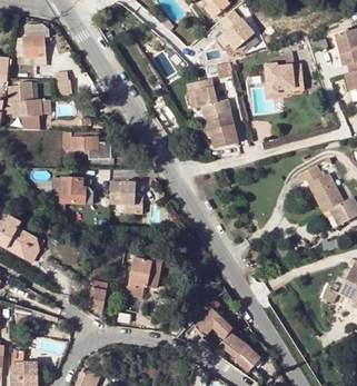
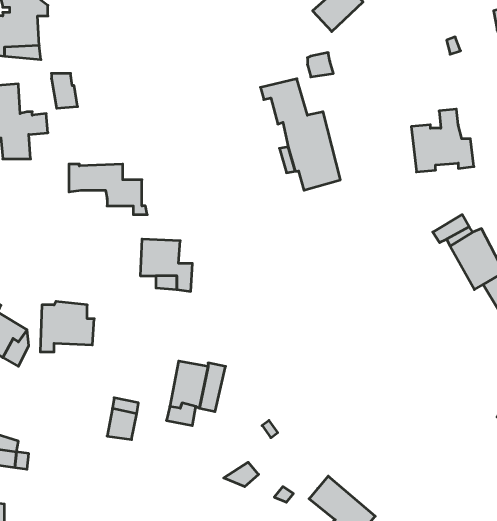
building: [264,53,304,93] -> [411,109,474,172]
building: [51,177,86,209] -> [40,301,94,352]
building: [191,308,242,339] -> none

